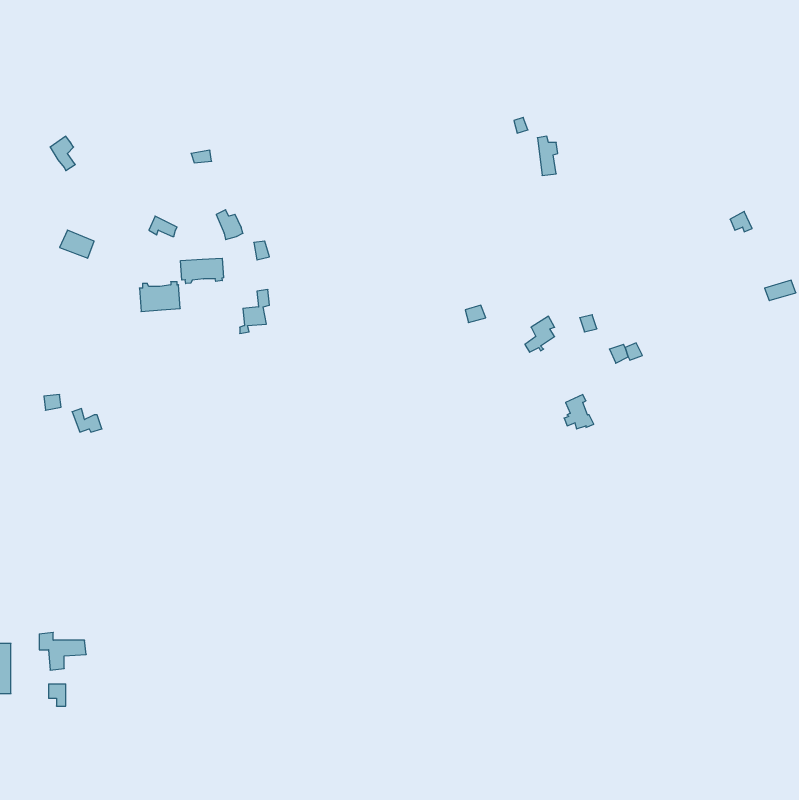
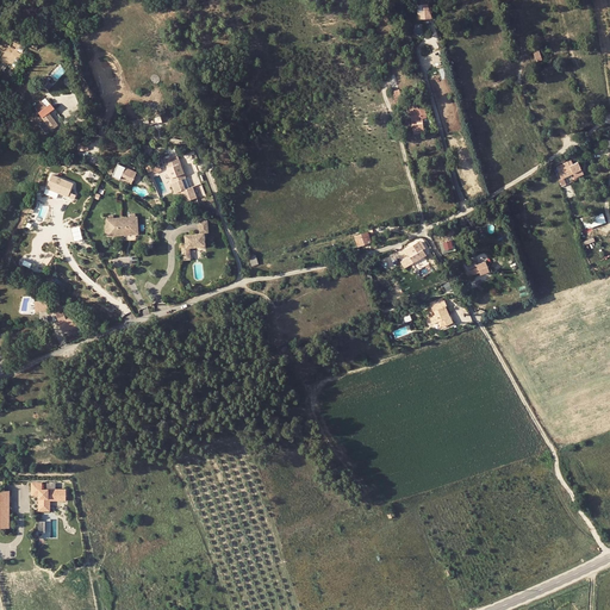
building: [181,258,224,284] -> none

